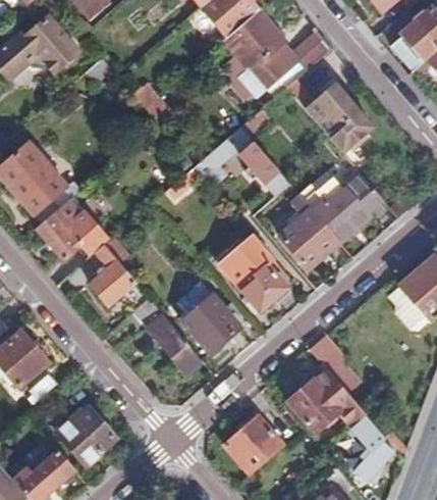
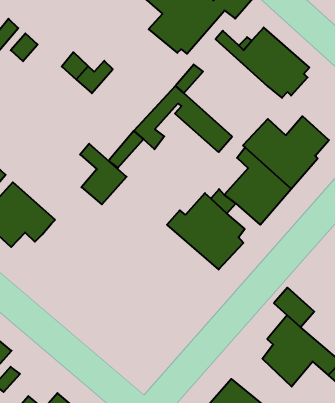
building: [91,243,135,303] -> [80,144,127,204]
building: [132,296,203,370] -> none
building: [184,296,239,351] -> none

